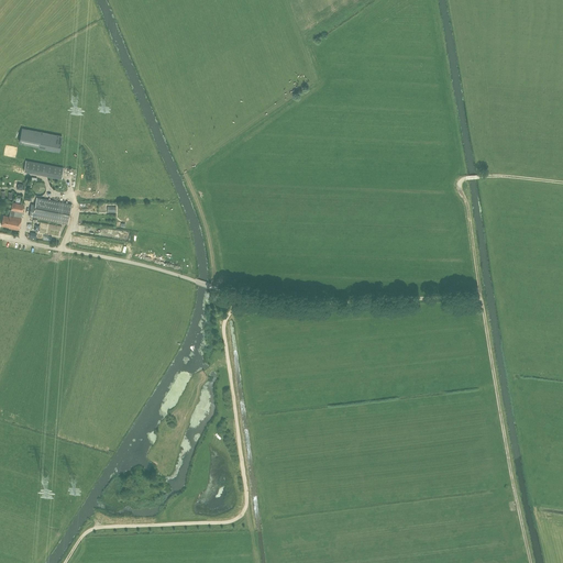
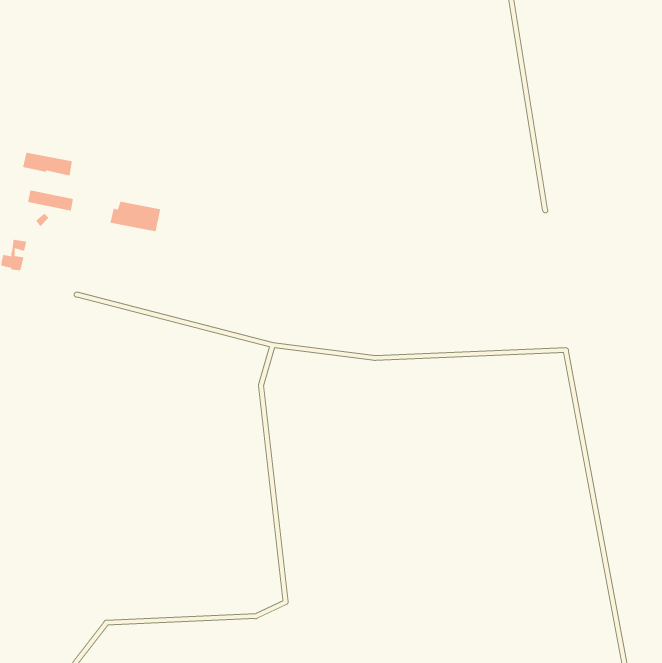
building: [27,198,71,224] -> [109,201,161,232]

